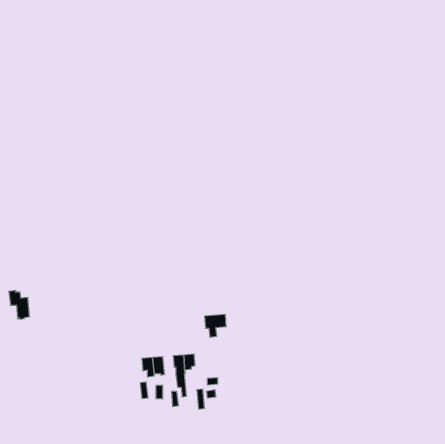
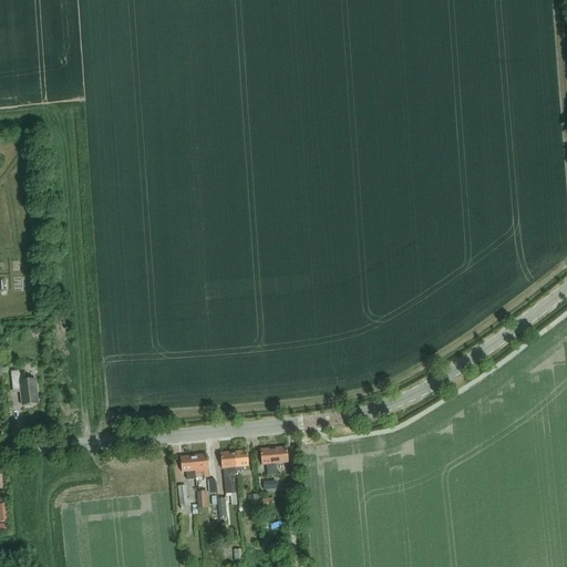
building: [205,314,226,337] -> [260,445,288,474]

